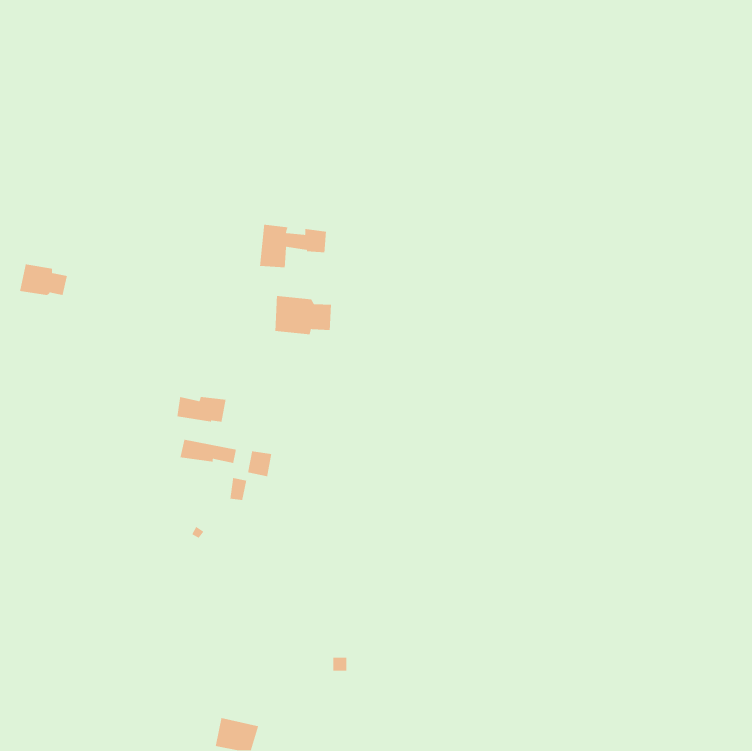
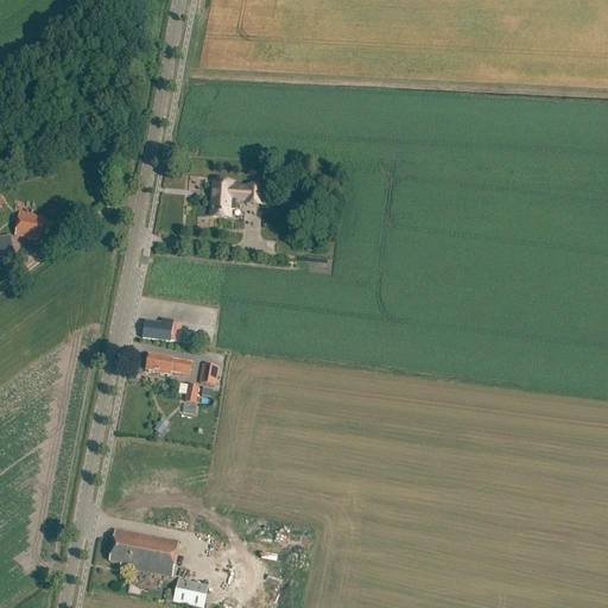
building: [274,295,332,335] -> none
building: none -> [110,528,178,576]

